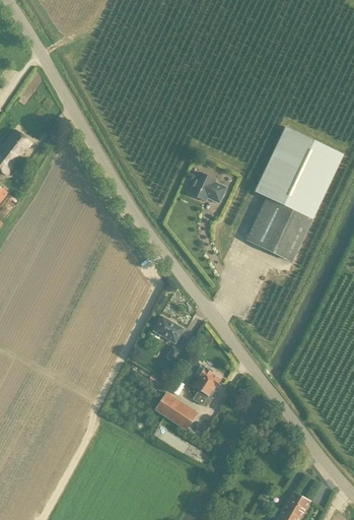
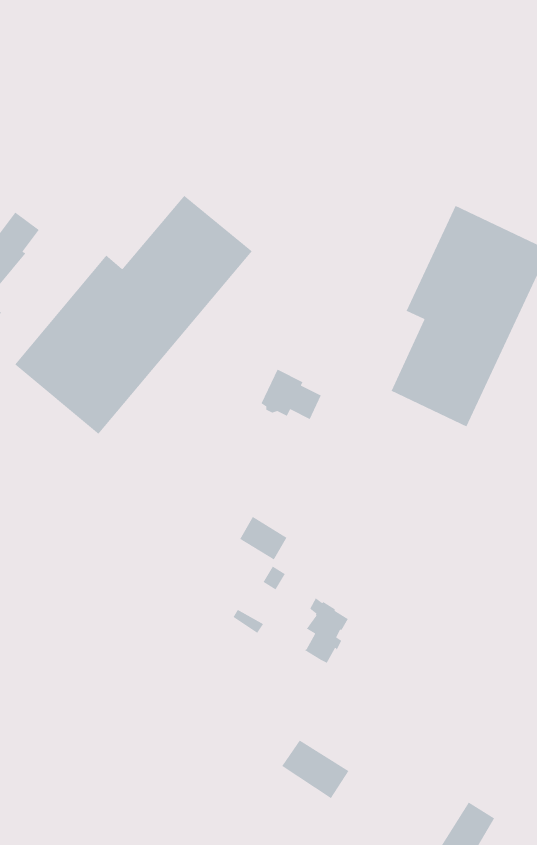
building: none -> [14,195,253,435]
building: [189,172,226,203] -> [260,369,322,420]
building: [156,393,198,430] -> [281,739,349,799]

